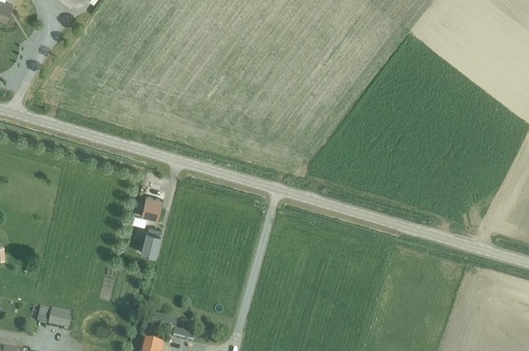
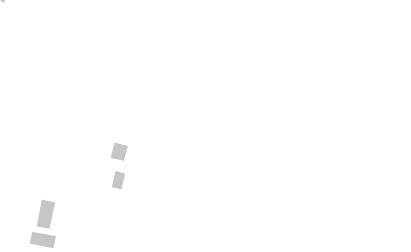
building: none -> [36,199,56,230]

